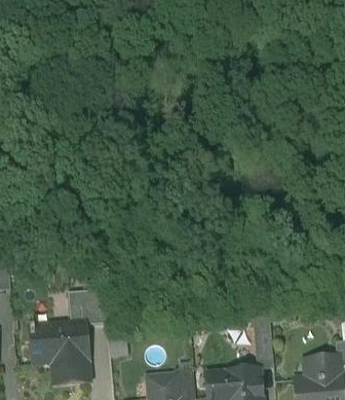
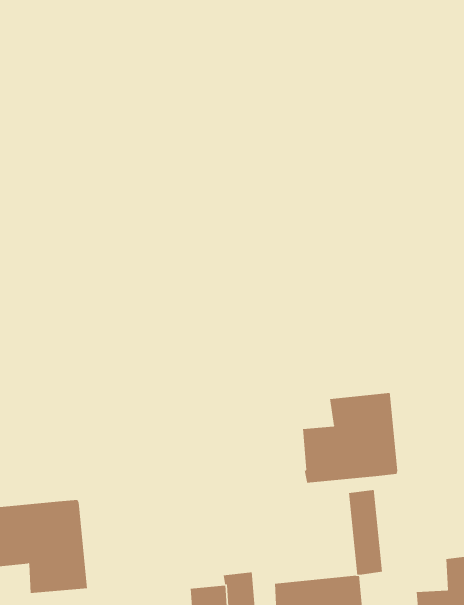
building: none -> [302,392,398,483]
building: [68,291,106,326] -> none

